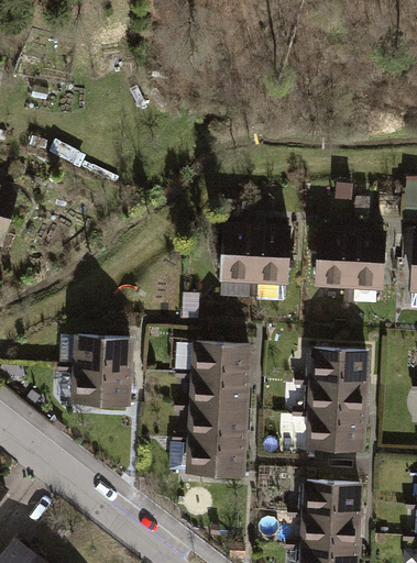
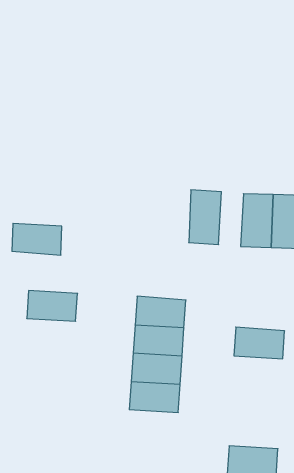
building: [221,221,259,283] -> none
building: [310,347,369,384] -> none
building: [69,369,127,406] -> [12,223,62,255]
building: [306,412,364,449] -> none
building: [303,483,361,519] -> none

